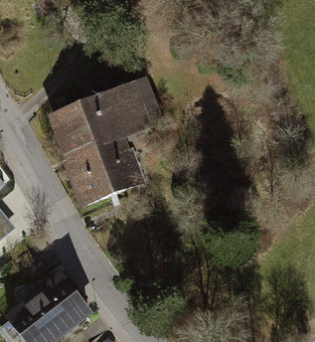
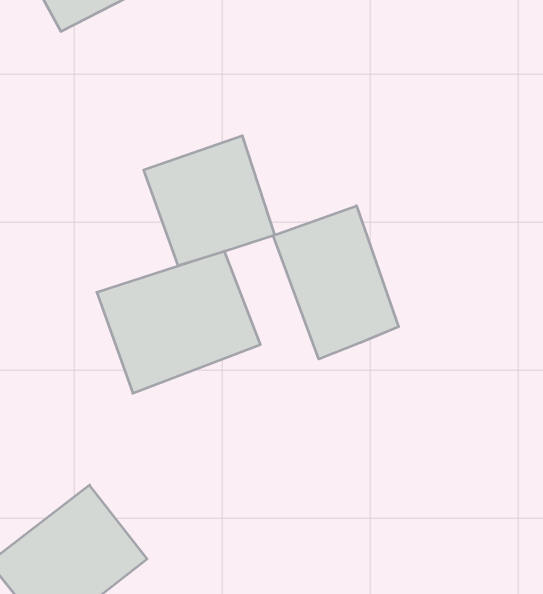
building: [45,96,109,164] -> none
building: none -> [273,206,399,359]

